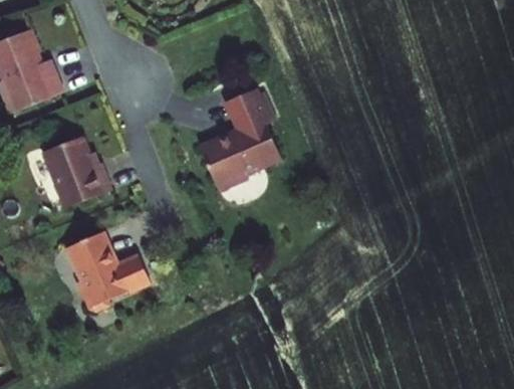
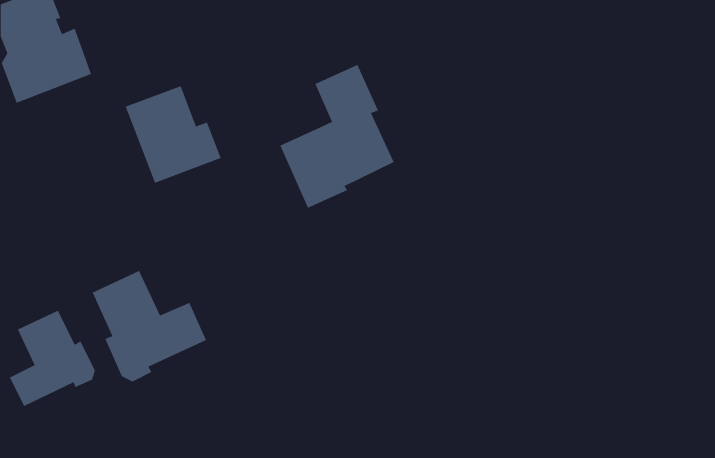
building: [41,136,110,206] -> [125,85,222,183]
building: none -> [9,310,95,407]

